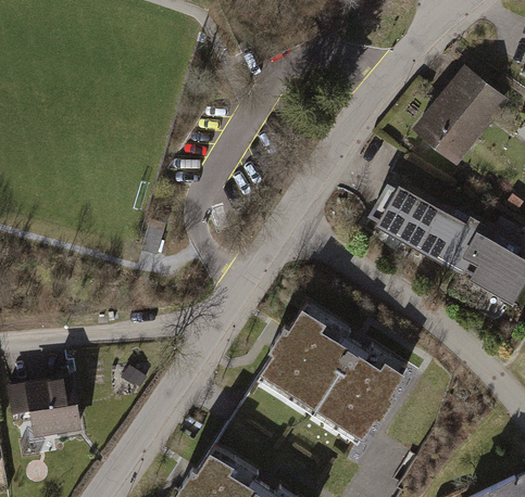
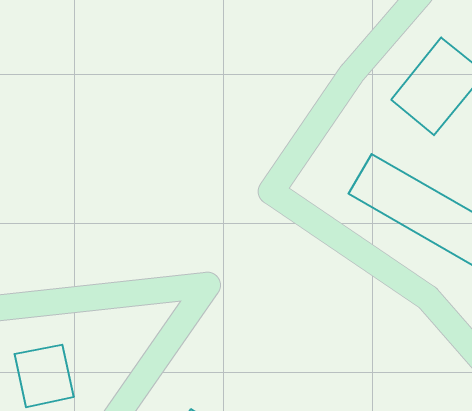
building: [259,308,403,438] -> none

